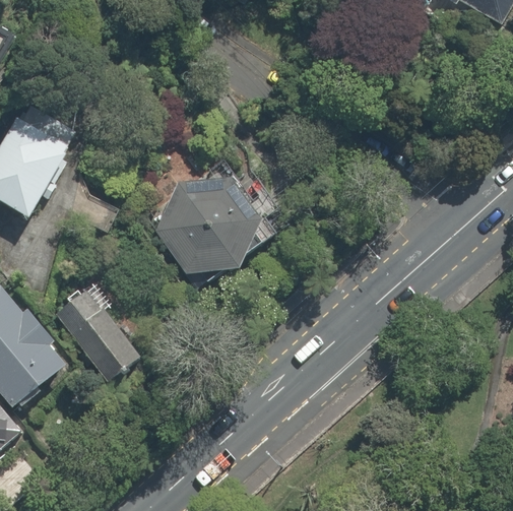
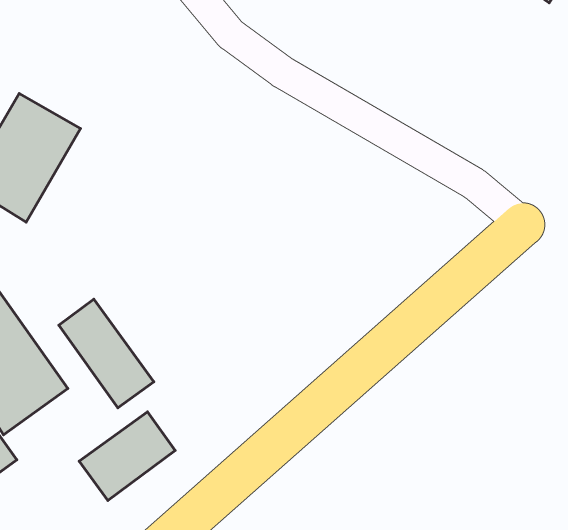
building: [159,176,267,271] -> none
building: none -> [79,412,175,500]

